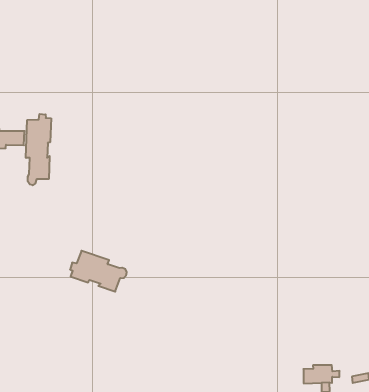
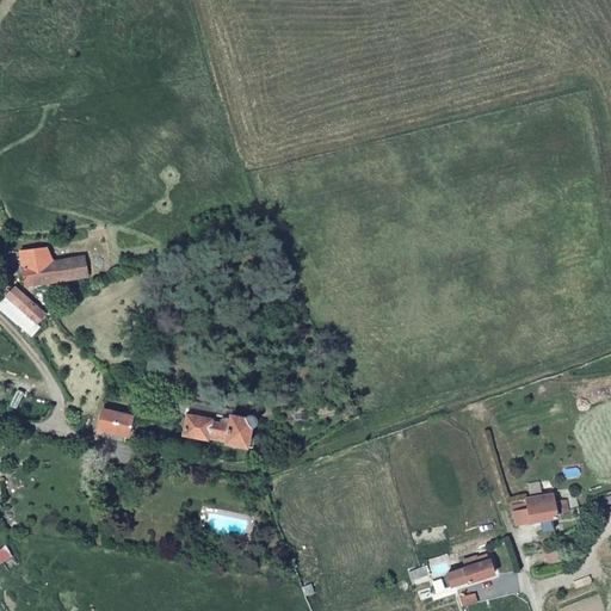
building: [26,114,51,185] -> none
building: none -> [97,409,130,434]

